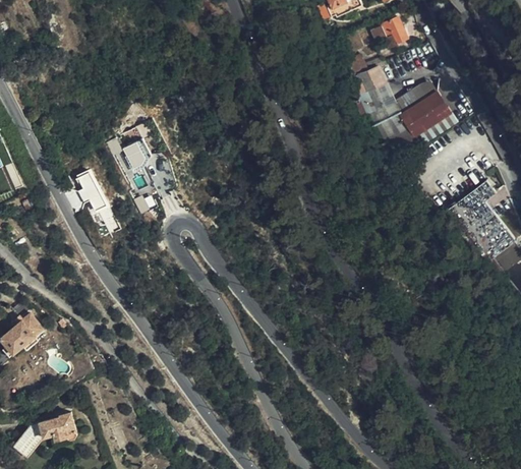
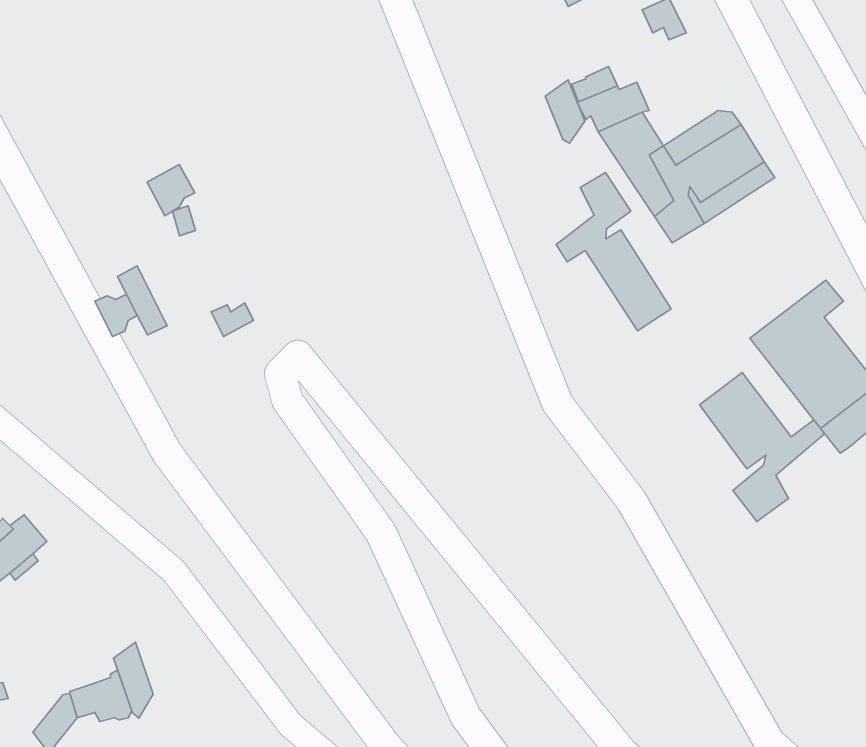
building: none -> [545,80,585,143]
building: none -> [556,172,671,331]
building: [124,139,152,169] -> [147,165,195,216]
building: none -> [700,372,824,521]
building: none -> [113,642,153,718]

